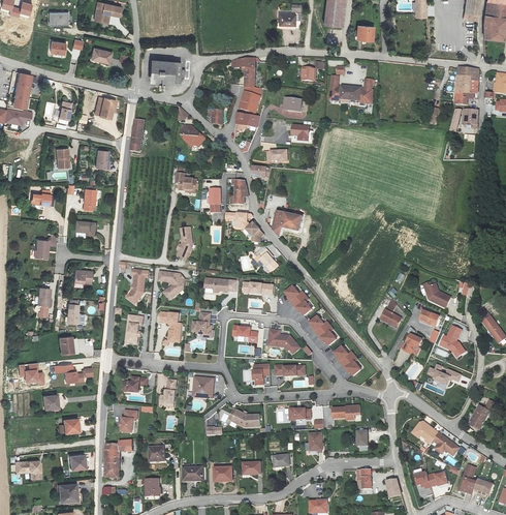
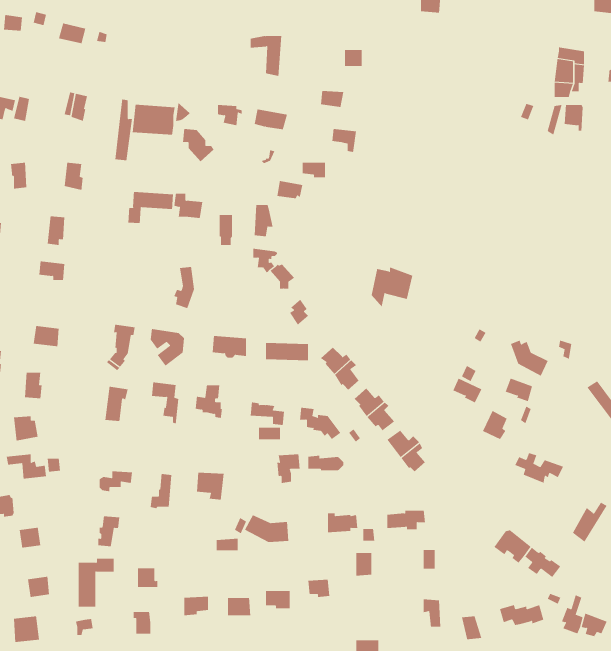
building: [150,57,182,80] -> [132,104,176,135]
building: [328,74,372,102] -> none
building: [239,85,261,111] -> none
building: none -> [128,191,174,224]
building: [272,211,303,241] -> [371,267,413,308]
building: [439,325,466,359] -> none

